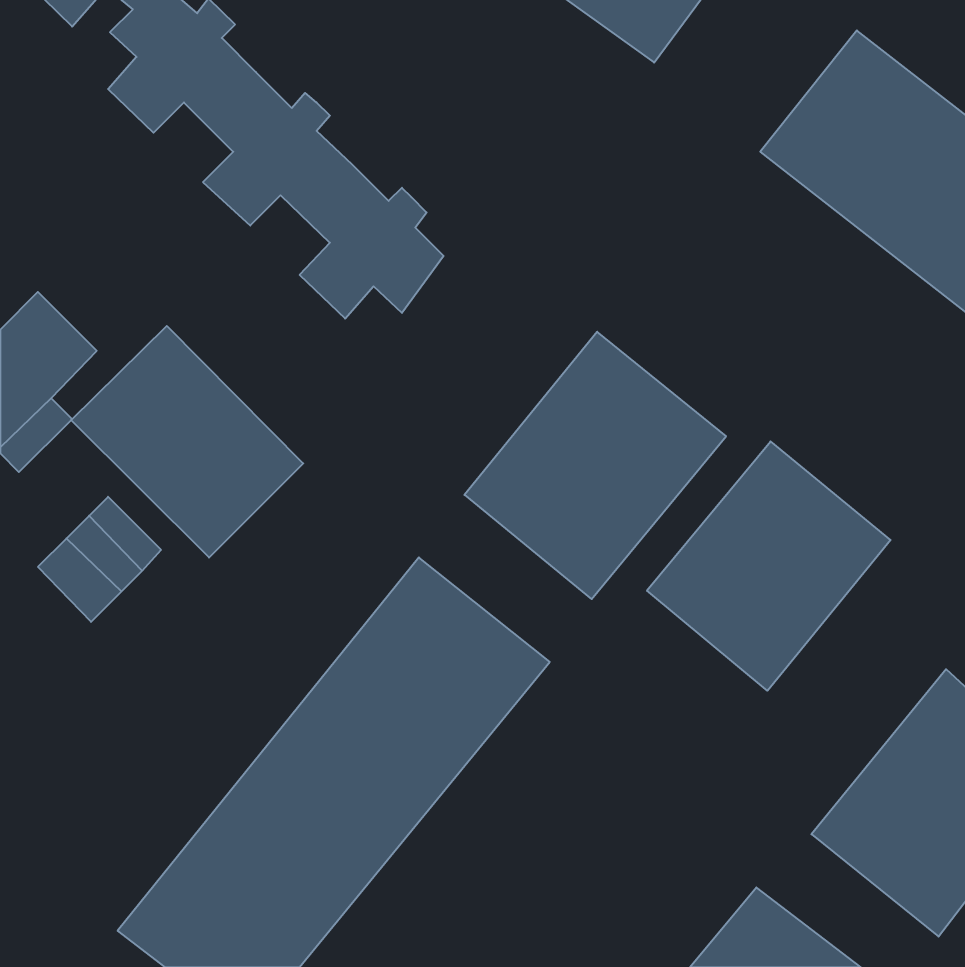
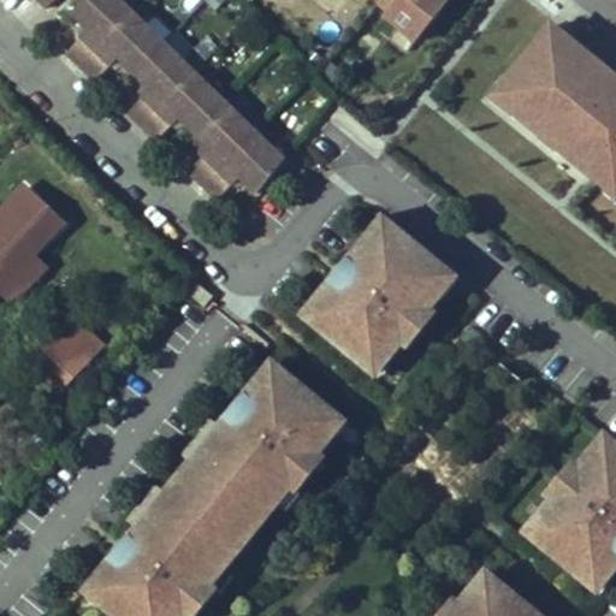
building: [71,326,303,558] -> none
building: [647,441,891,691] -> none

